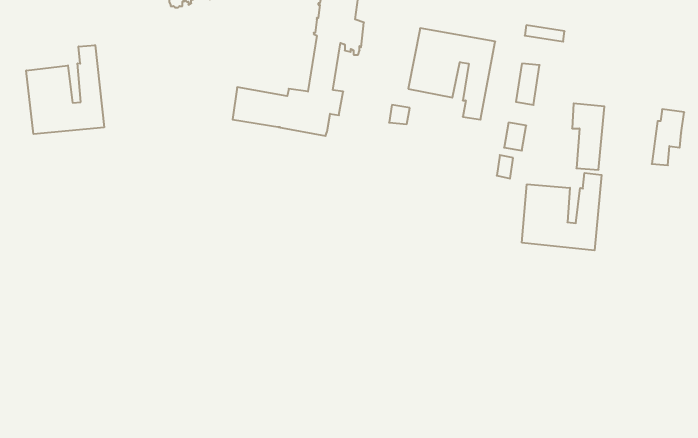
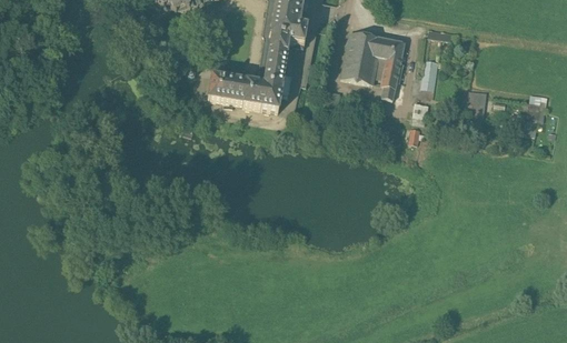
building: [26,45,104,134] -> none
building: [522,173,602,250] -> none

